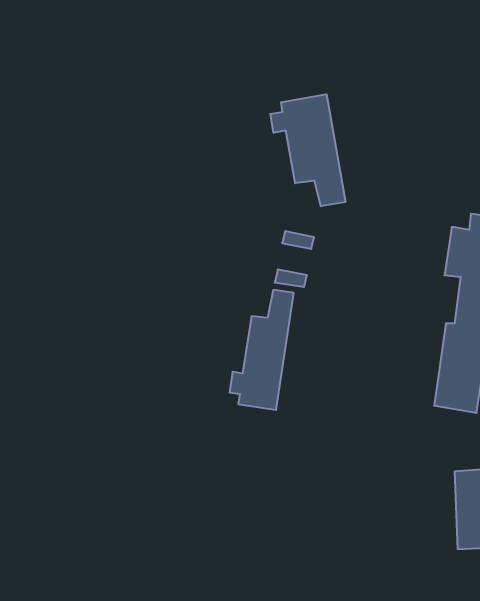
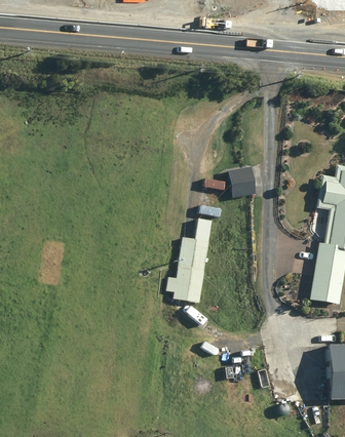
building: [270,94,345,206] -> none
building: none -> [227,165,255,197]

